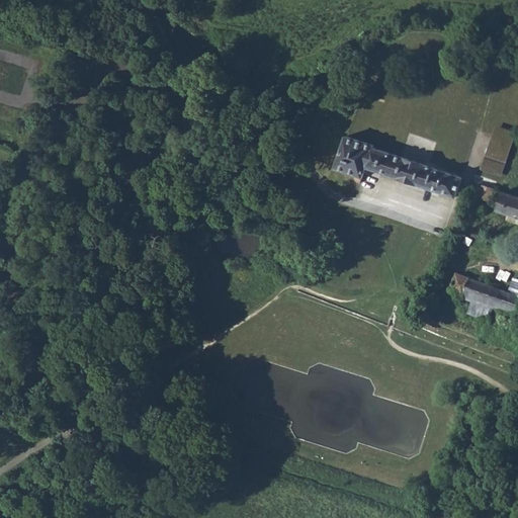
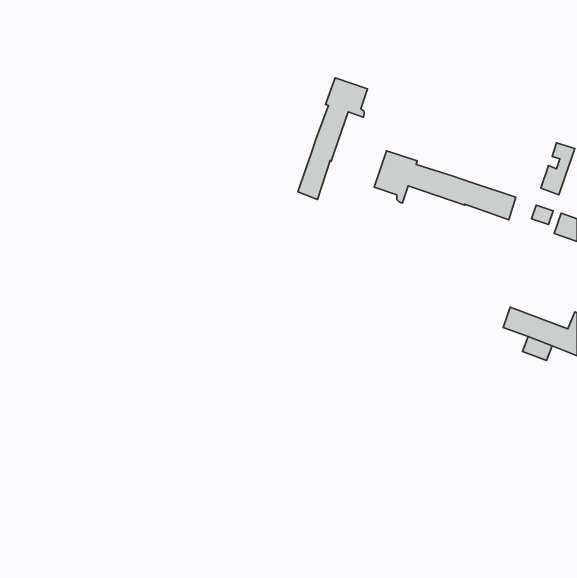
building: none -> [298,78,367,200]

